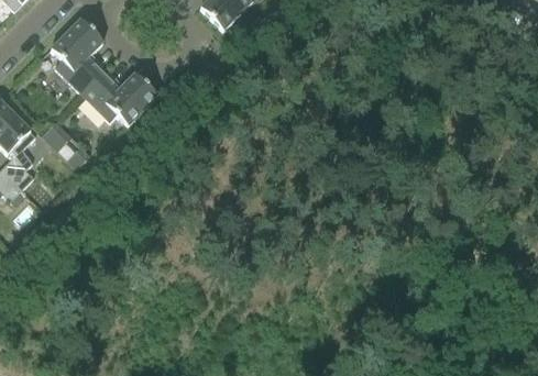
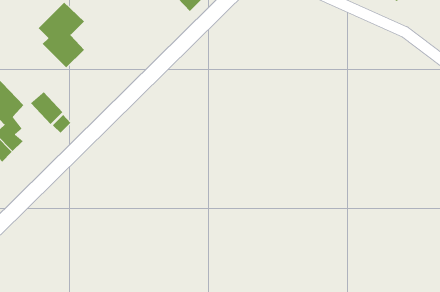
building: [81,73,156,125] -> none

